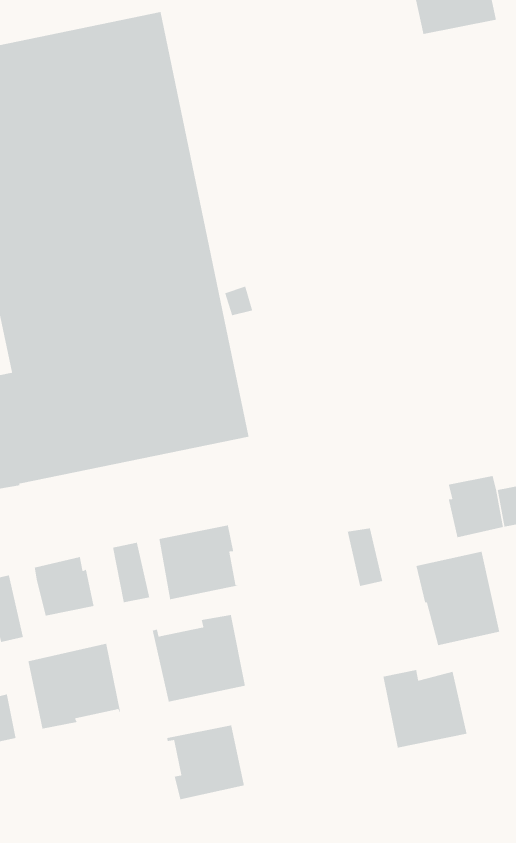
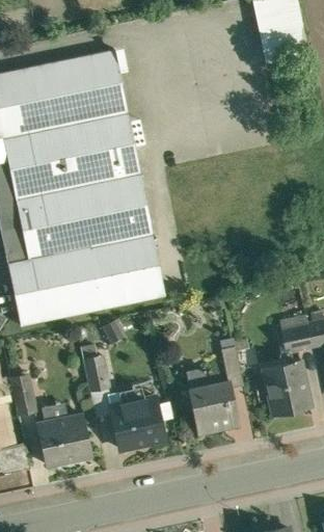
building: [159,525,241,600] -> none
building: [34,556,94,617] -> none
building: [383,669,467,749] -> [189,385,238,431]
building: [166,725,245,800] -> none

